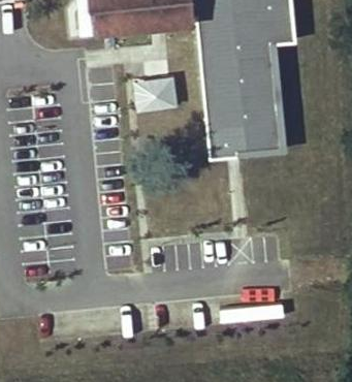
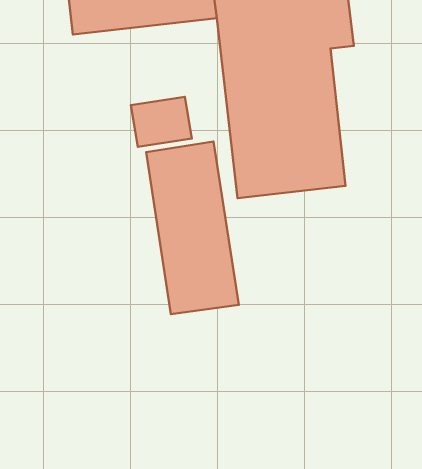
building: none -> [146,142,239,314]

